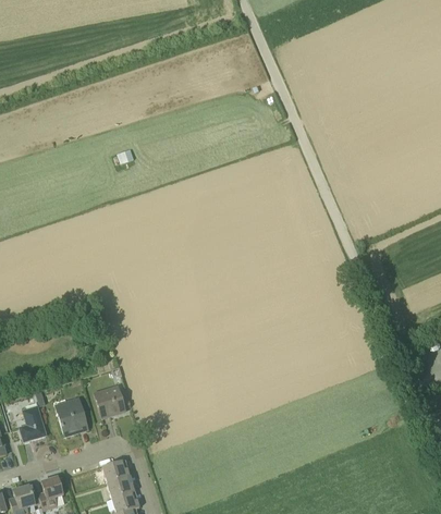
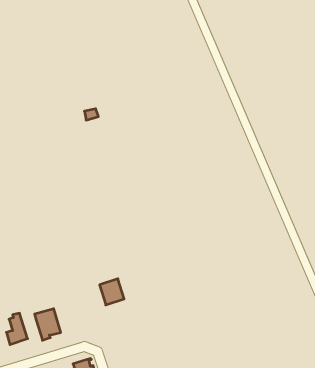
building: [95,384,125,417] -> [100,279,124,305]

